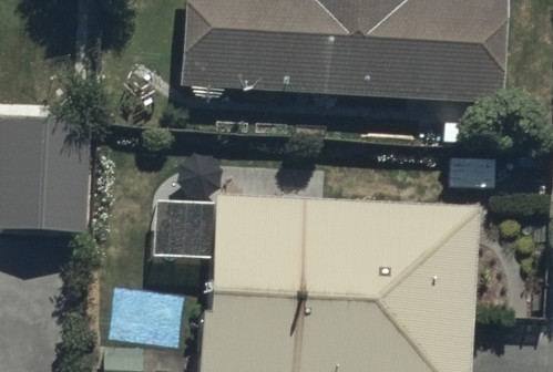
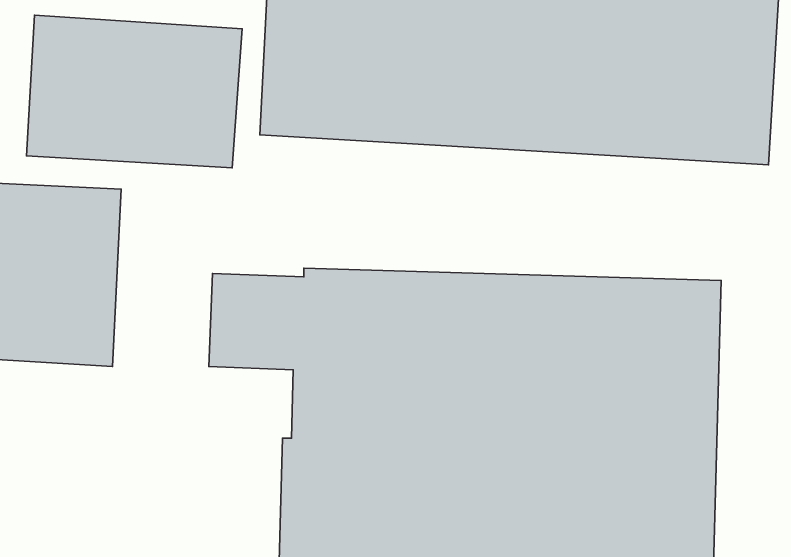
building: none -> [26,15,242,168]

